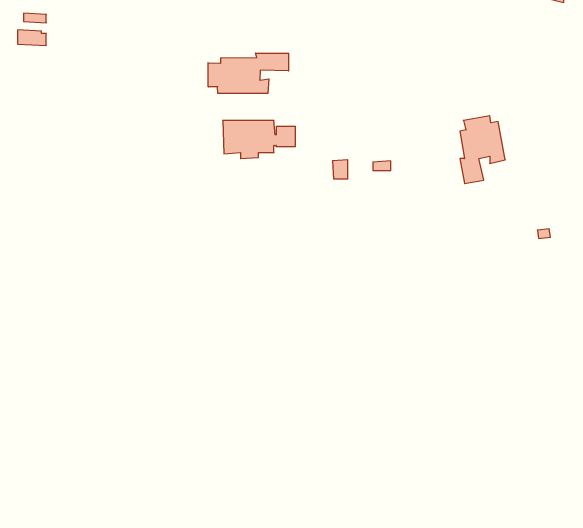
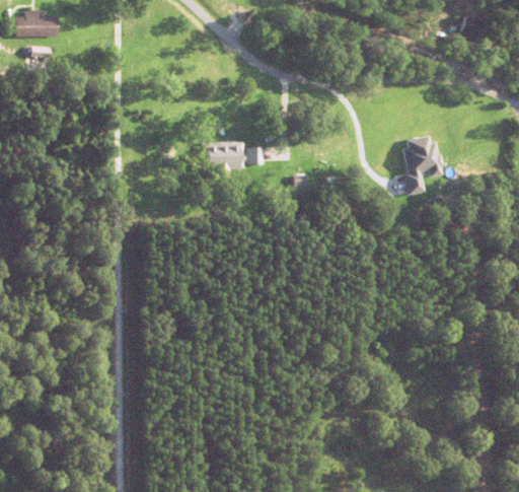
building: [208,53,289,93] -> none

